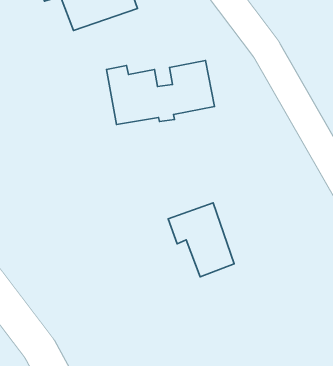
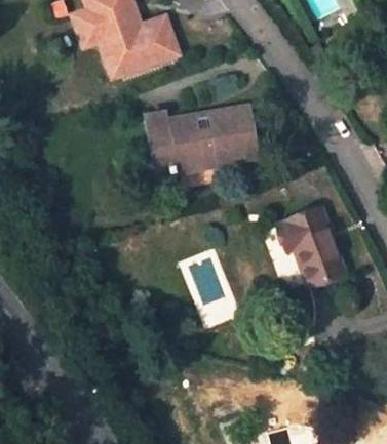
building: [168,203,234,277] -> [275,208,343,284]

